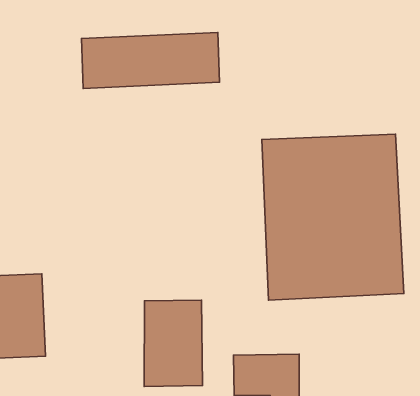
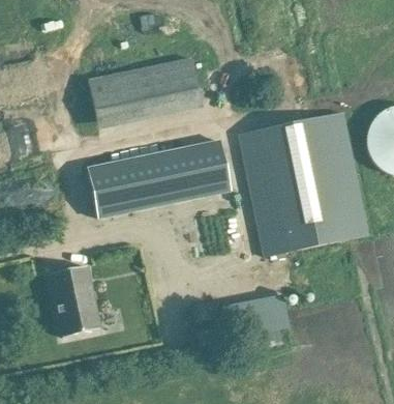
building: none -> [87,139,231,215]
building: [144,300,202,386] -> none

